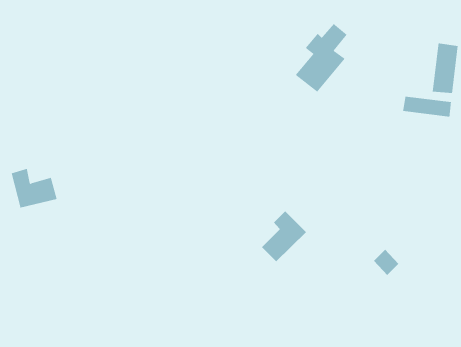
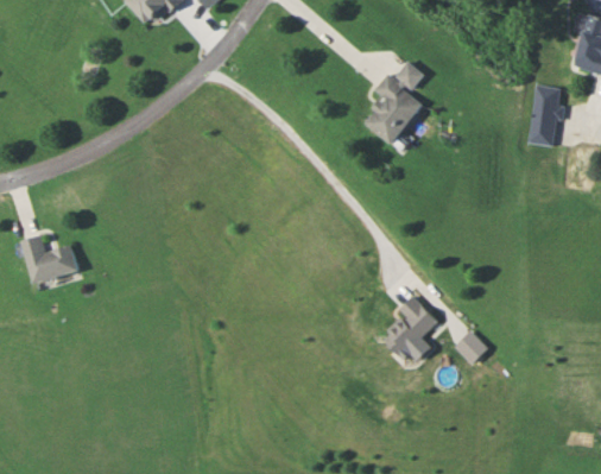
building: [403,96,451,117] -> none
building: [261,210,307,262] -> [384,296,438,358]

